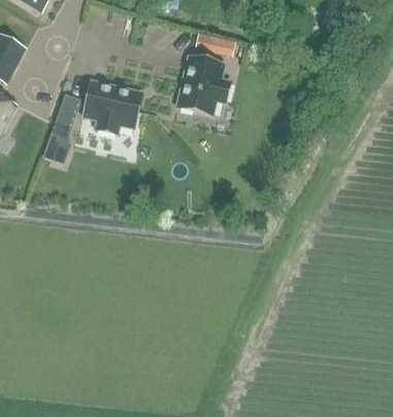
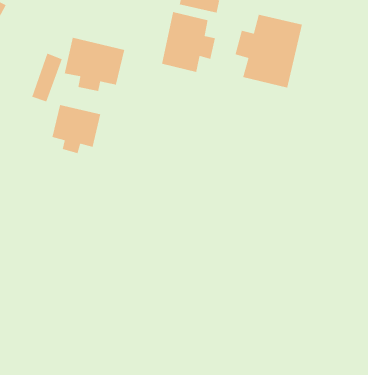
building: none -> [234,14,303,89]
building: none -> [52,104,101,154]

